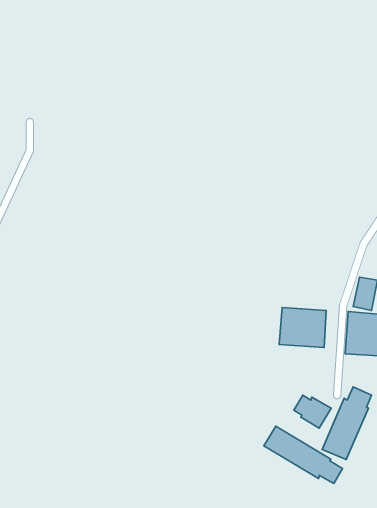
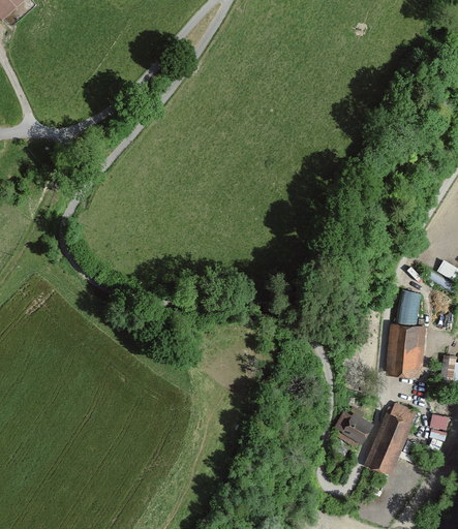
building: [279,307,326,348] -> none
building: [264,426,343,484] -> none

